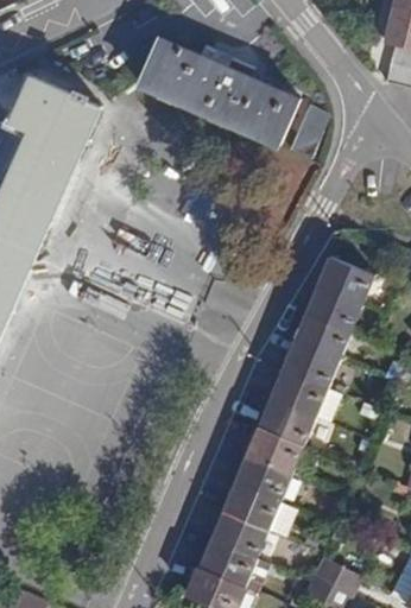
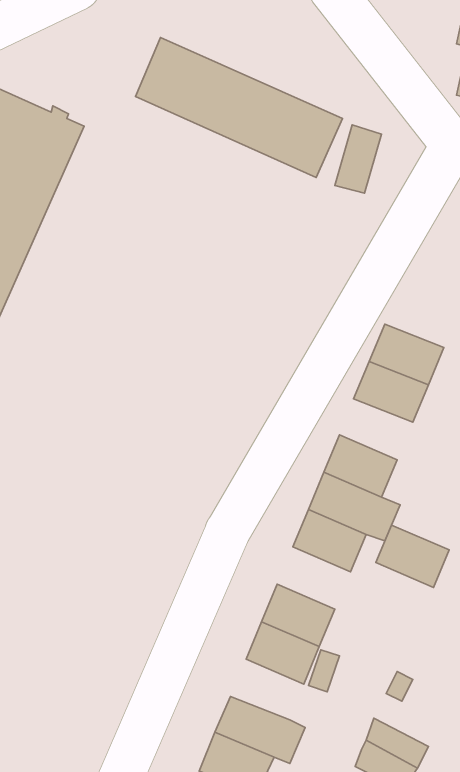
building: [296,312,352,359] -> none
building: [248,425,304,473] -> [376,525,449,587]
building: [213,511,268,557] -> none

